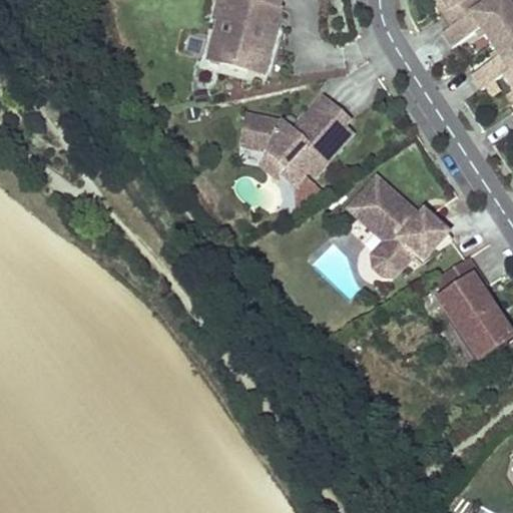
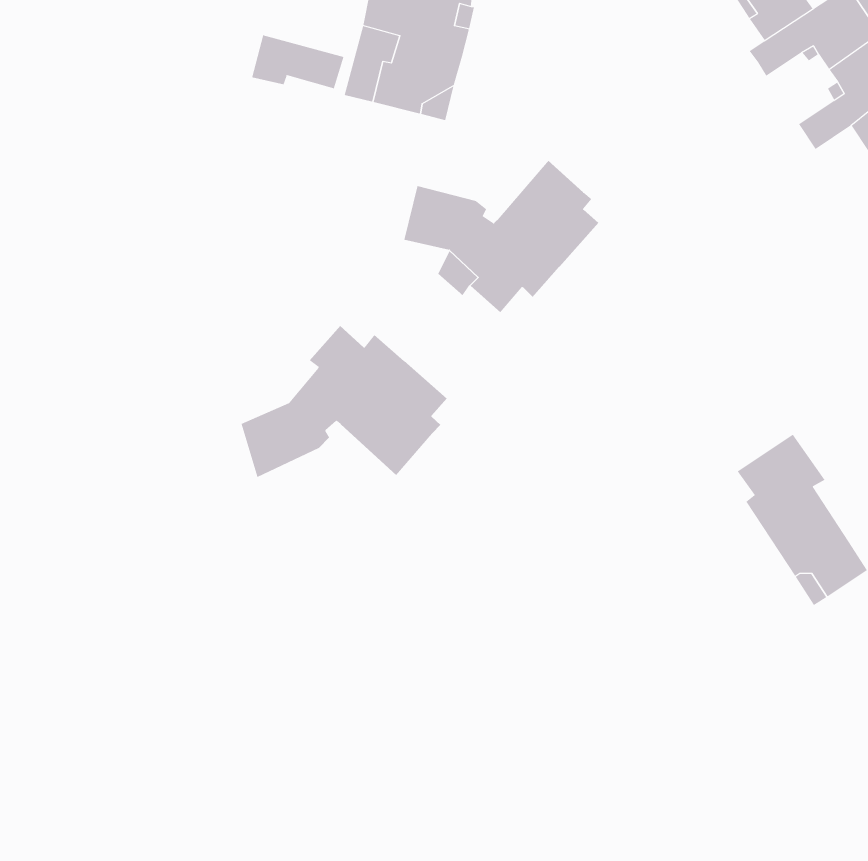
building: none -> [251,35,344,89]
building: [353,175,452,275] -> none
building: none -> [241,325,447,478]

